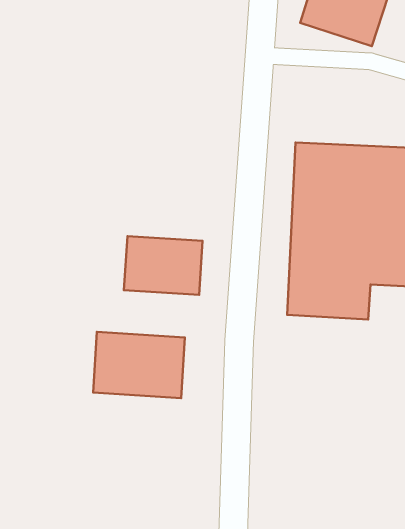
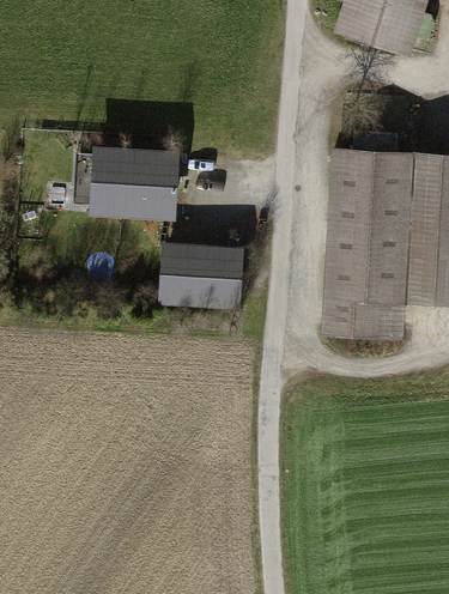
building: none -> [89,147,176,218]
building: [93,332,185,398] -> none

